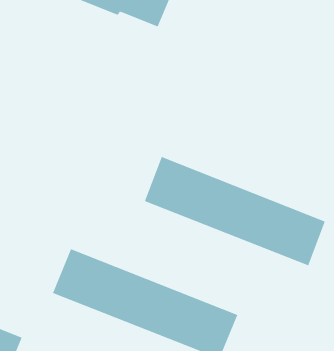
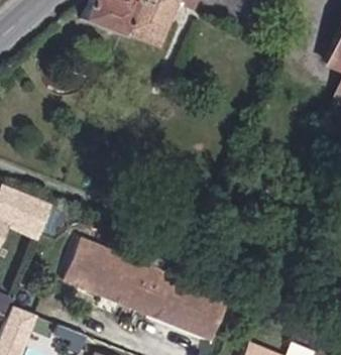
building: [144,156,326,266] -> none

